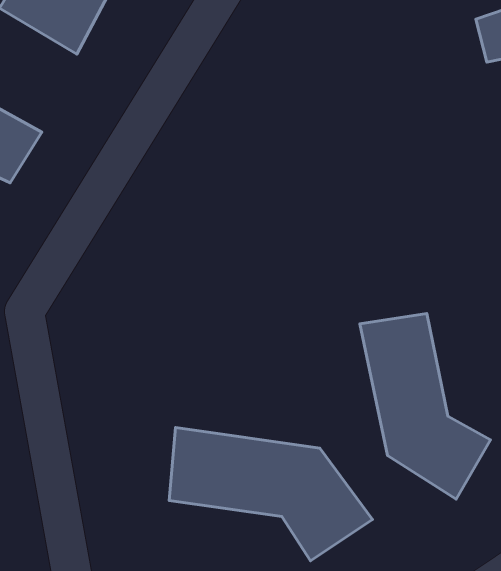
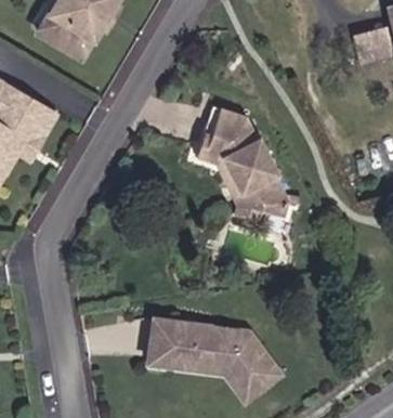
building: none -> [198,107,288,226]
building: [360,314,491,499] -> none

